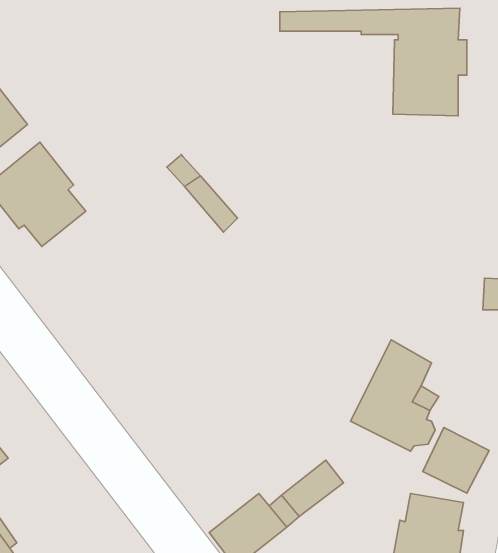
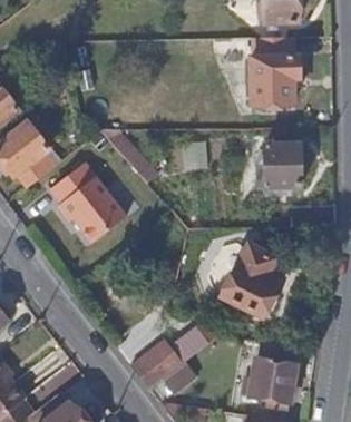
building: none -> [262,144,300,189]
building: none -> [52,164,126,244]
building: [423,428,489,493] -> none

